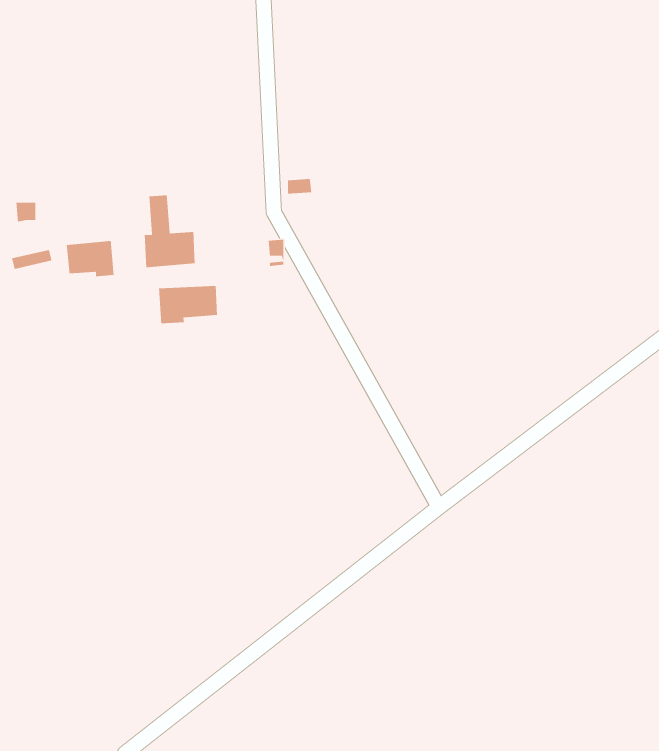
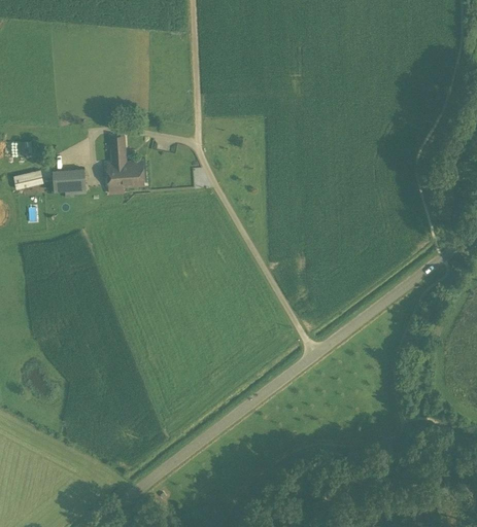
building: [158,285,218,324] -> none

